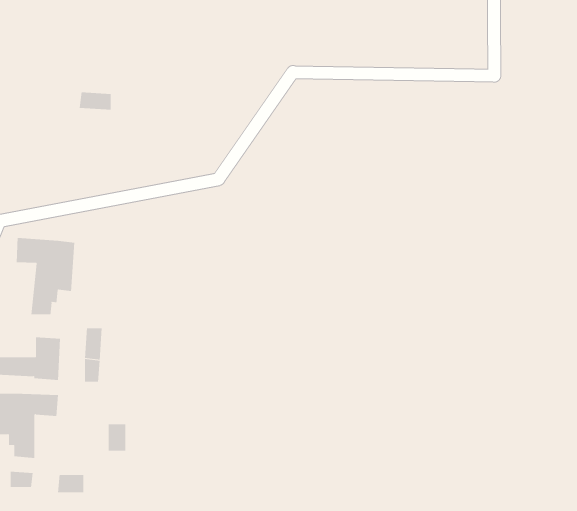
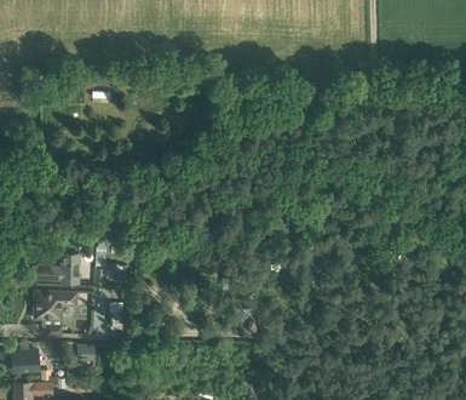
building: [16,237,75,315] -> none

